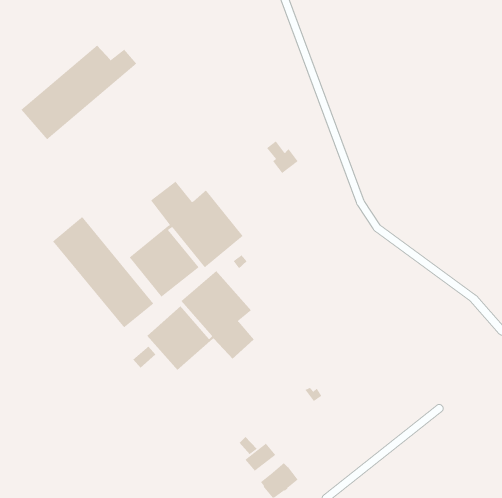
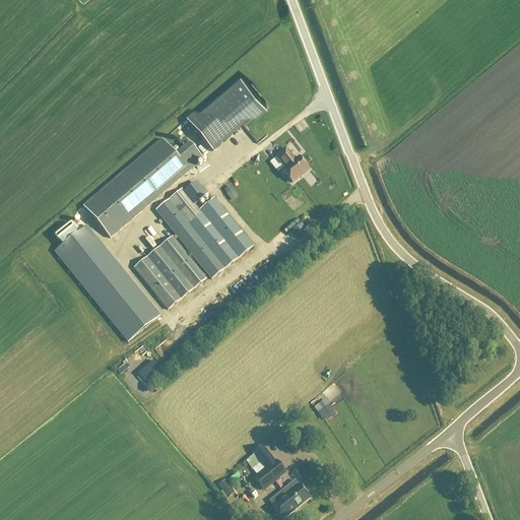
building: [20,45,137,140] -> [82,137,203,236]
building: none -> [186,72,266,148]
building: [147,270,255,371] -> none

